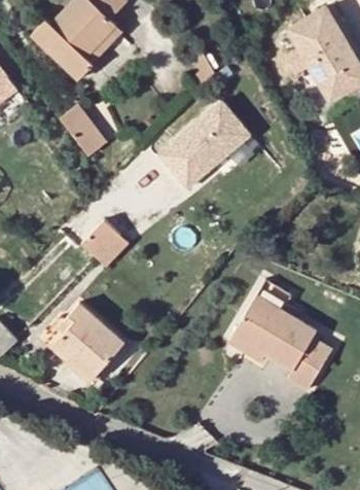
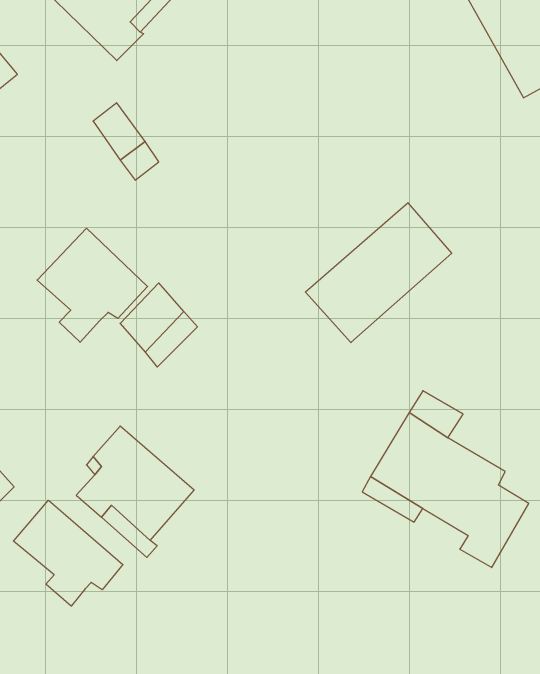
building: [158,99,248,184] -> [305,203,452,343]
building: none -> [37,228,148,342]
building: none -> [13,500,123,606]

